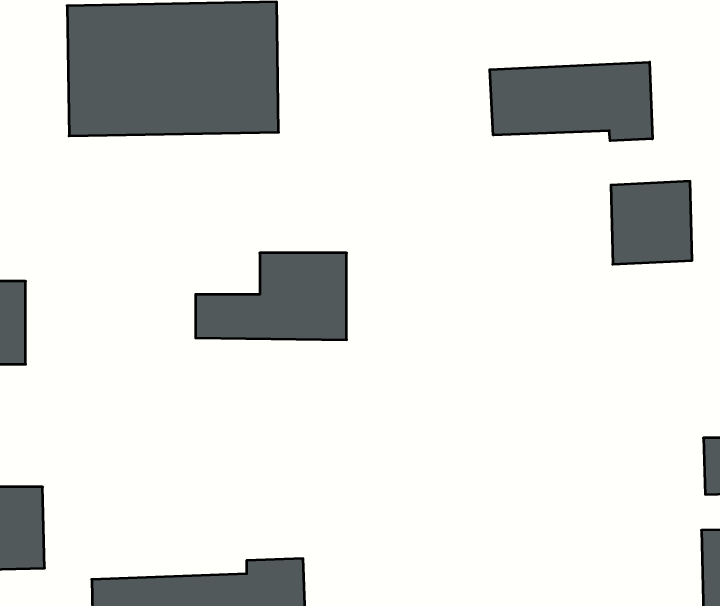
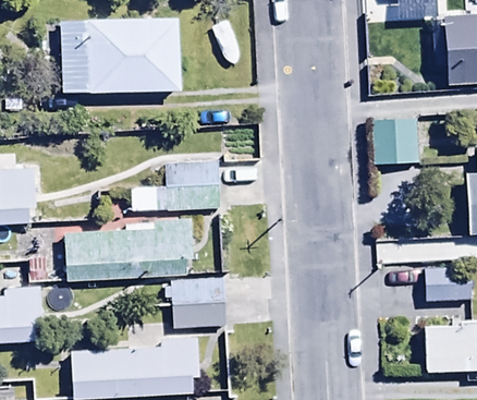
building: [490,62,652,141] -> none
building: none -> [64,219,191,279]
building: none -> [172,281,228,329]

